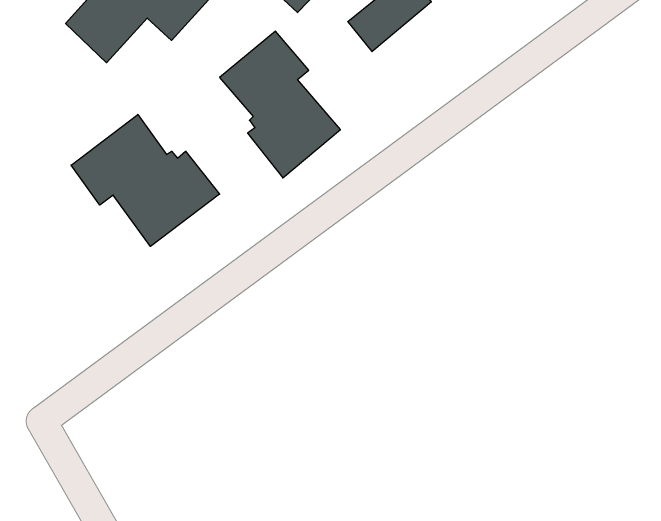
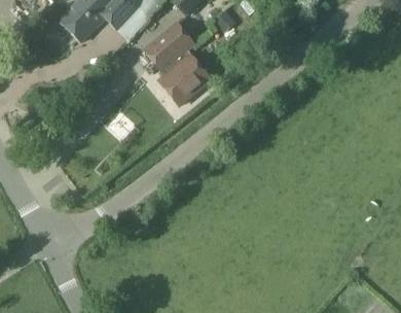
building: [71,114,220,246] -> none

